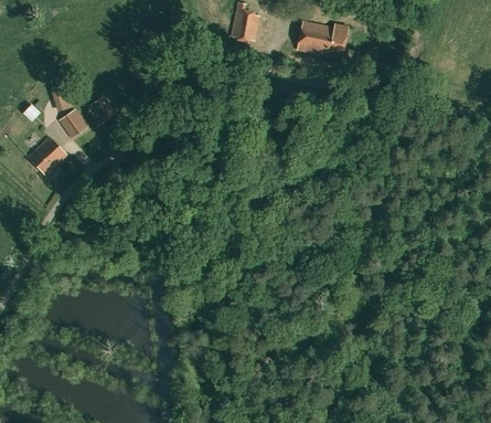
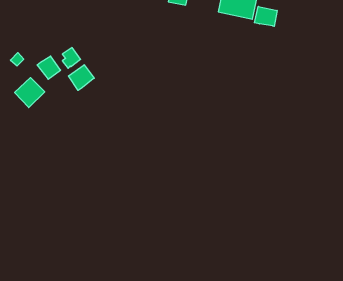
building: none -> [254,6,277,26]
building: none -> [68,65,94,90]

